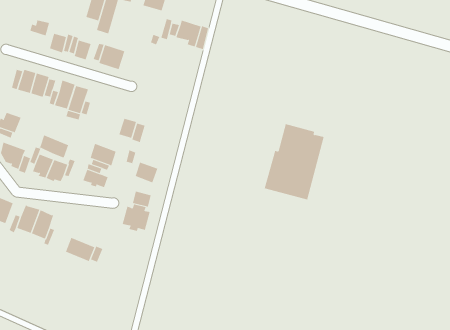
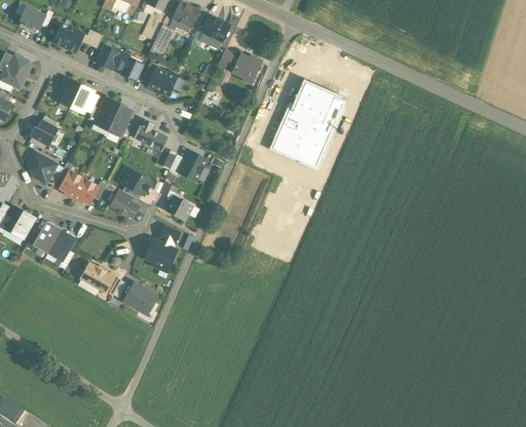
building: none -> [53,24,83,51]
building: none -> [134,118,168,151]
building: none -> [179,151,206,181]
building: [264,123,325,200] -> [272,82,344,166]
building: [39,135,69,158] -> none
building: none -> [125,285,155,313]

